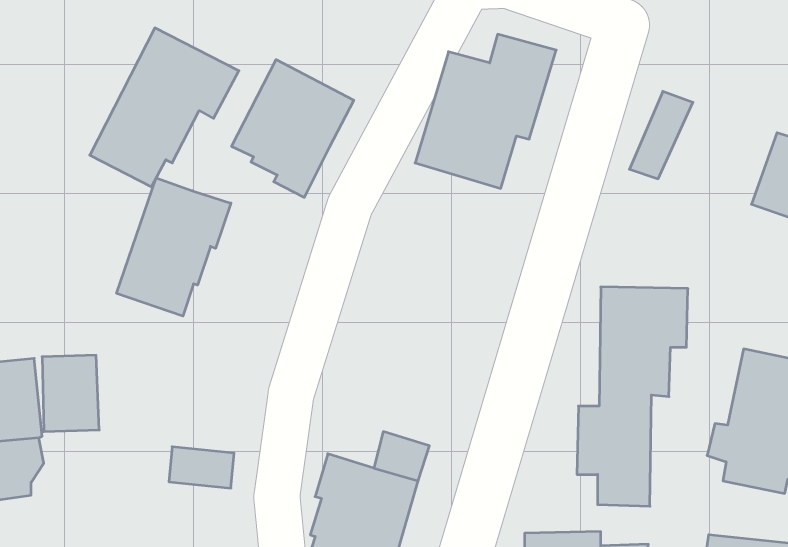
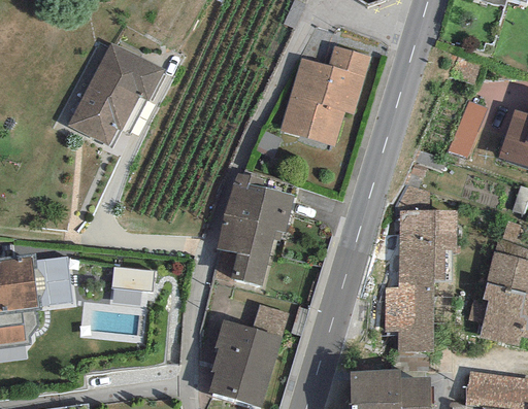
building: [232,60,354,197] -> none
building: [629,91,693,179] -> [448,101,489,158]
building: [117,178,231,316] -> none
building: none -> [216,173,294,285]
building: [169,447,234,488] -> [111,266,154,293]

